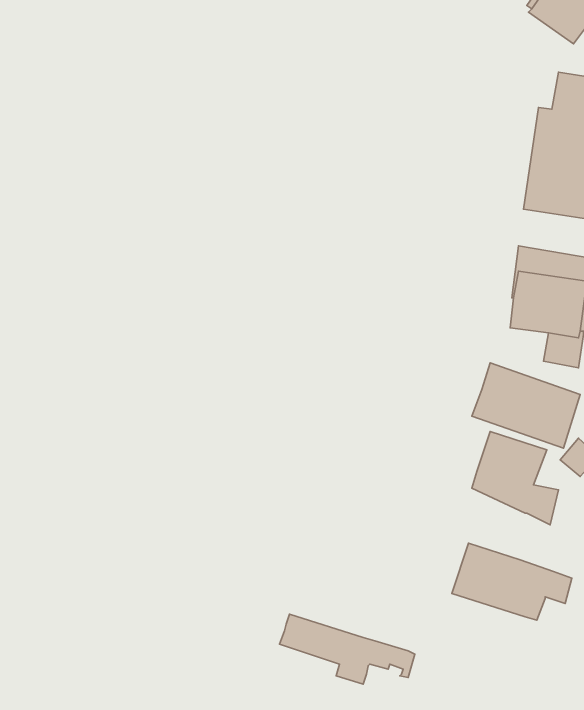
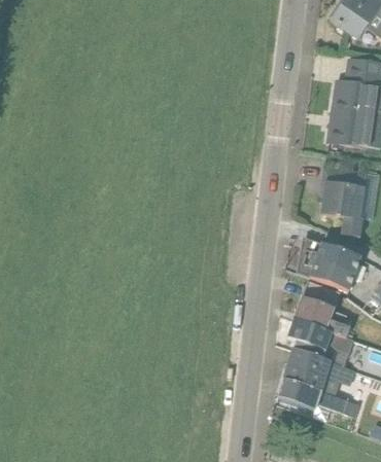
building: none -> [286,314,353,365]
building: [280,614,415,684] -> [276,379,359,422]

